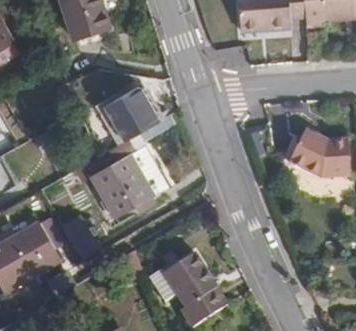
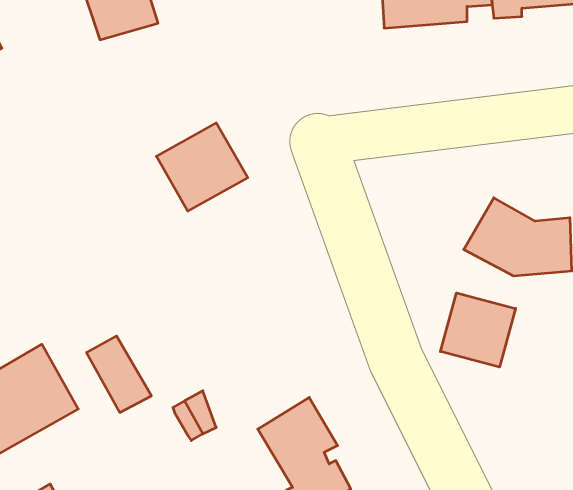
building: [87,151,149,216] -> none
building: none -> [440,293,516,367]

